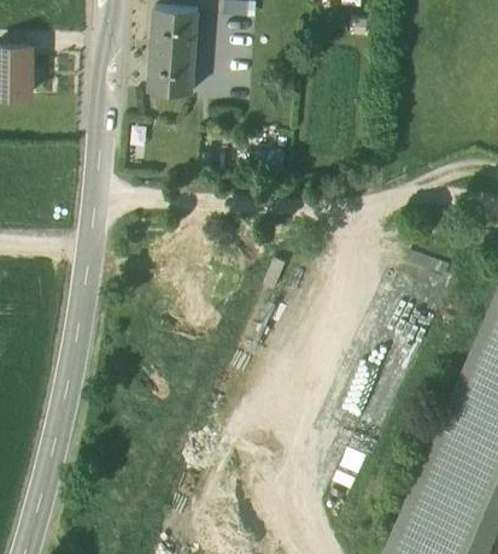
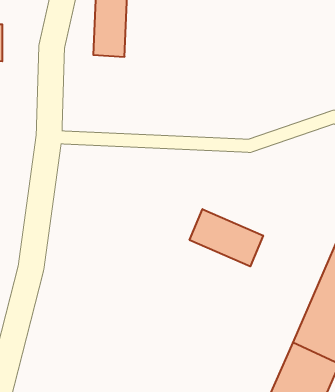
building: none -> [190,209,263,266]

